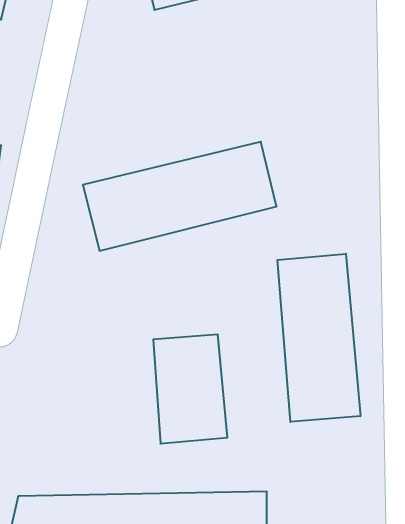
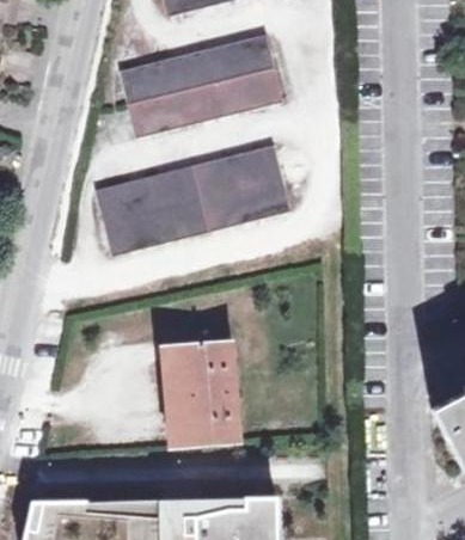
building: none -> [121,35,284,137]
building: [277,254,360,422] -> none

